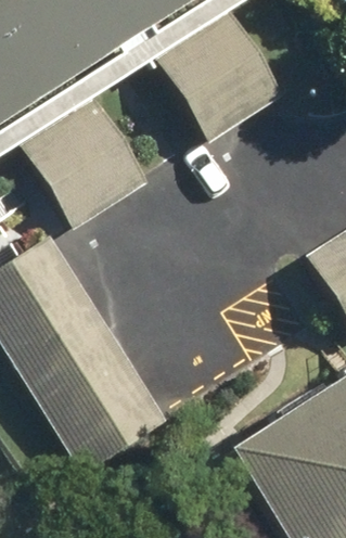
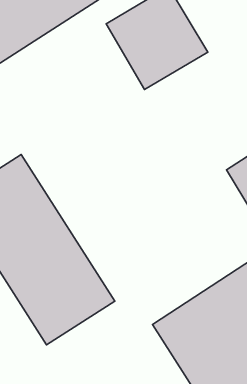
building: [34,107,155,231] -> none

